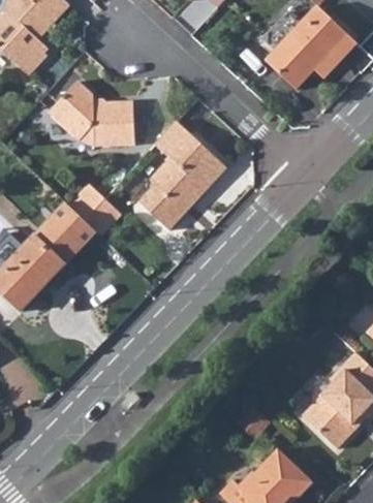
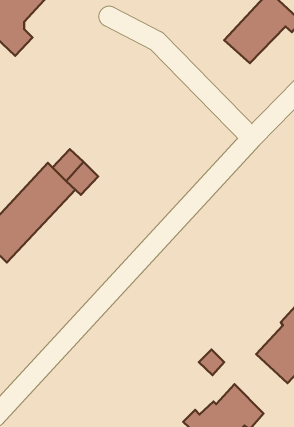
building: [52,81,135,147] -> none
building: [139,120,228,232] -> none

